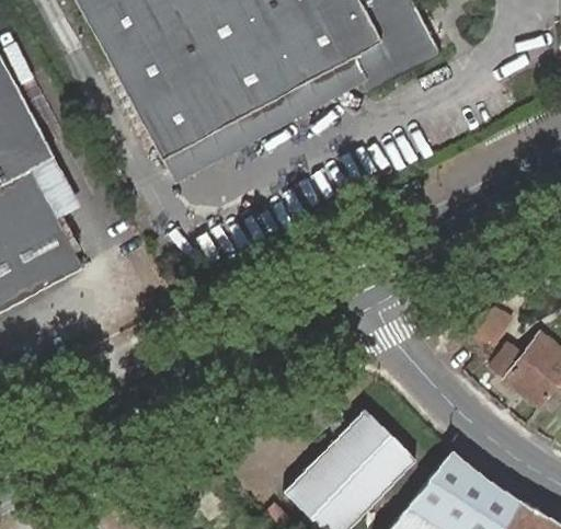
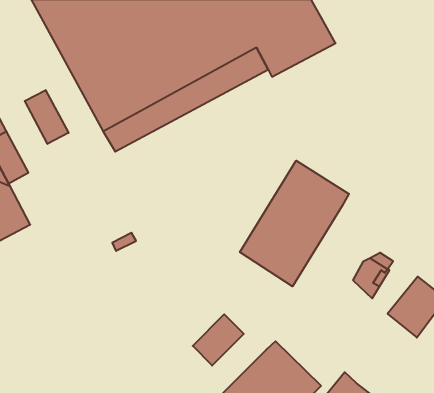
building: none -> [25,90,69,144]
building: none -> [240,161,349,286]
building: none -> [193,314,244,366]

